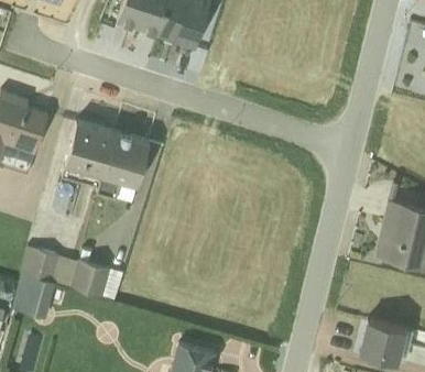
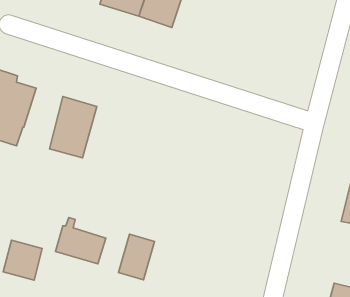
building: [98,132,150,204] -> none
building: [21,247,77,287] -> none
building: none -> [119,234,154,280]

